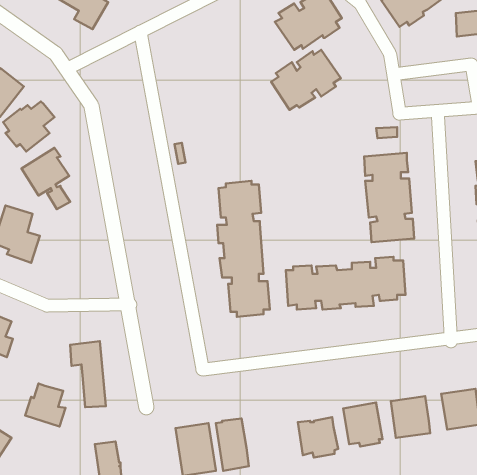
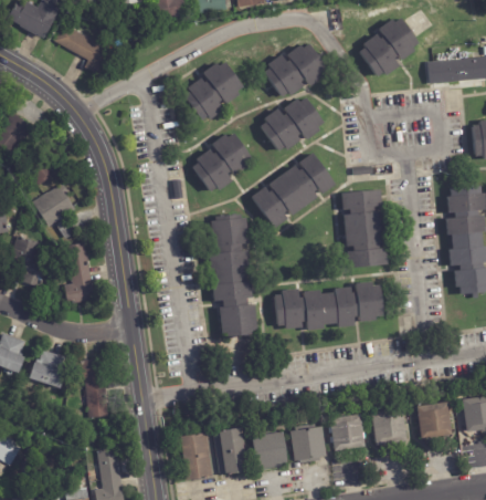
building: none -> [184,61,242,119]
building: none -> [193,132,251,190]
building: none -> [253,152,335,227]
building: none -> [70,242,99,303]
building: [25,384,66,426] -> [32,350,68,388]
building: none -> [244,431,281,470]

